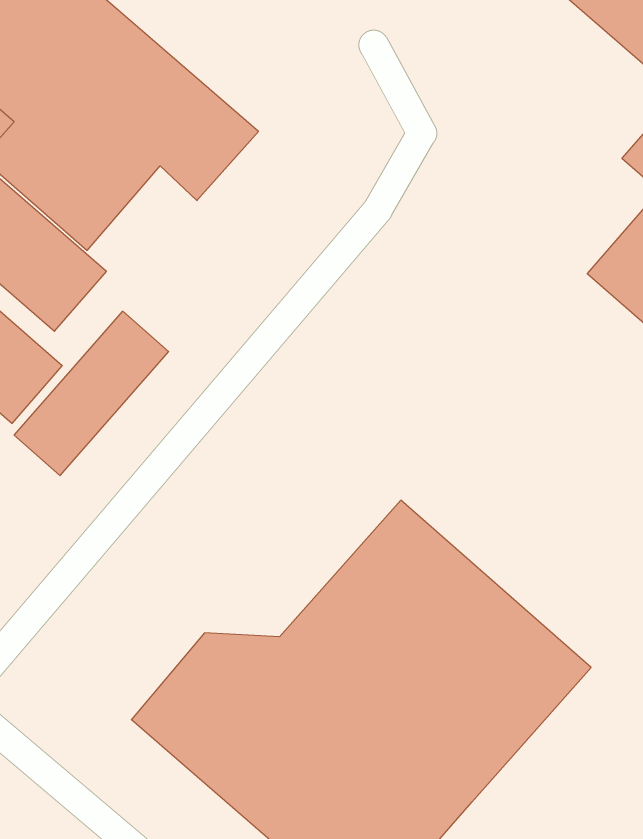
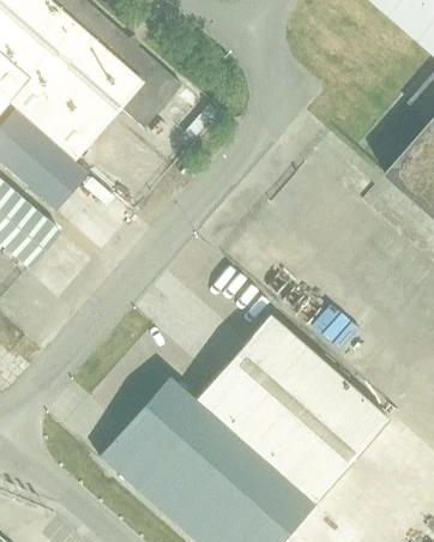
building: [14,311,169,476] -> none

